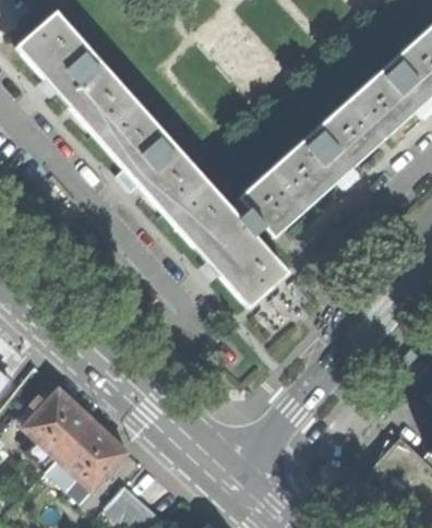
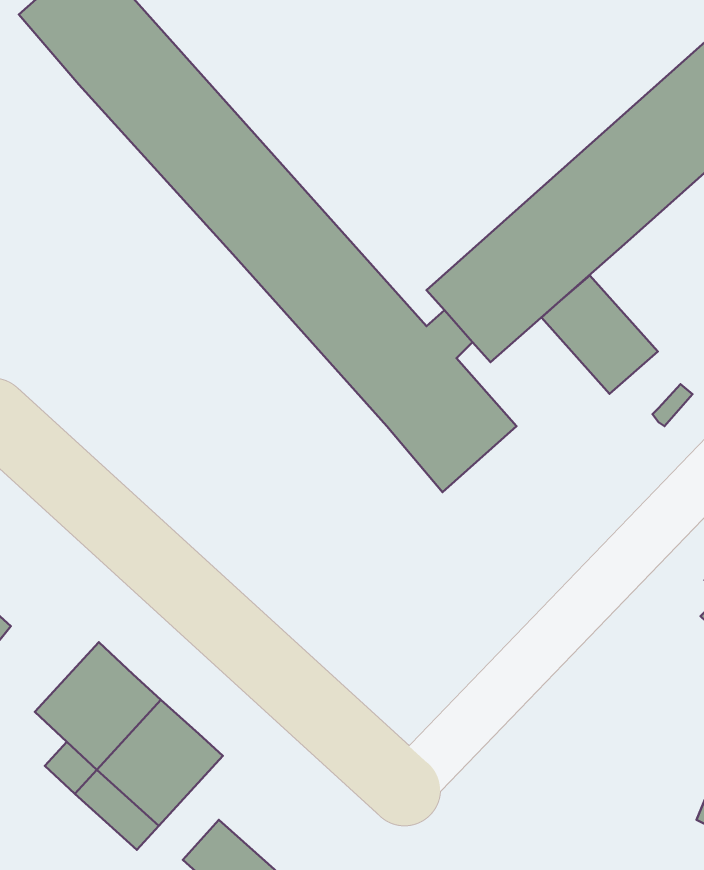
building: none -> [542,275,658,394]

